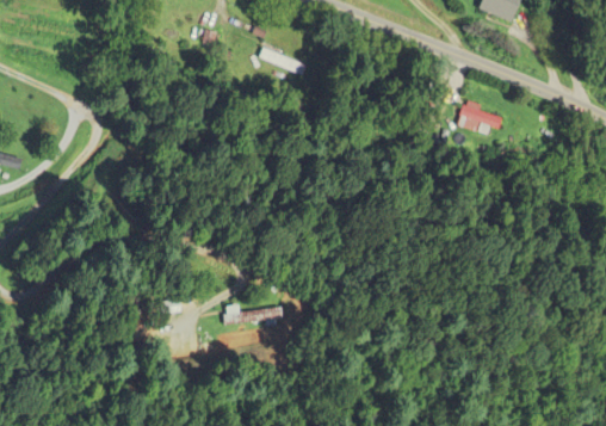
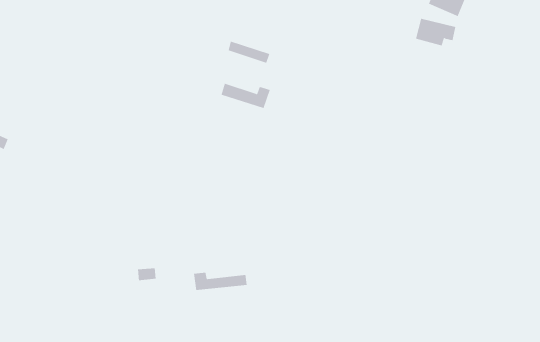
building: none -> [221,83,270,109]
building: [458,104,503,135] -> [415,18,456,46]

